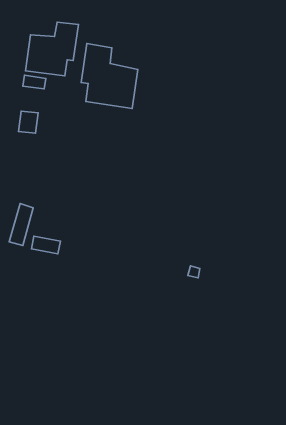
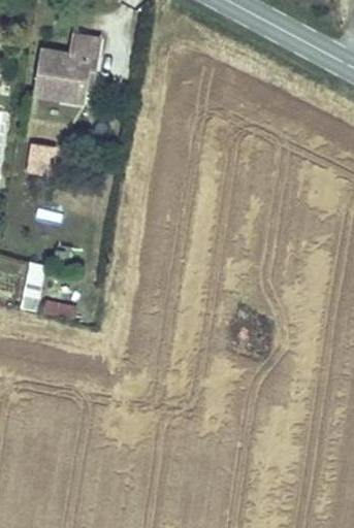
building: [81,44,138,109] -> none

